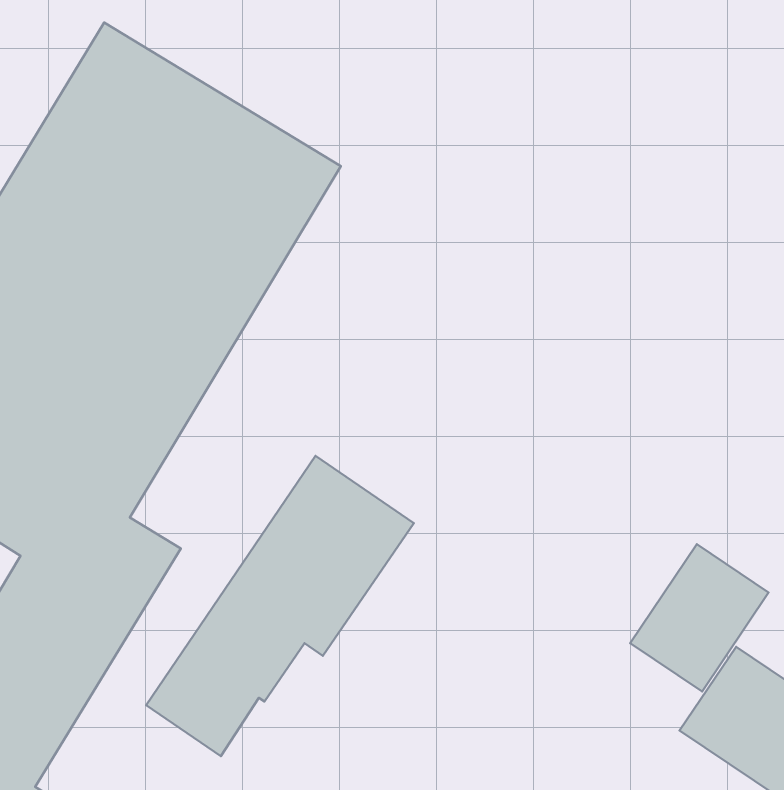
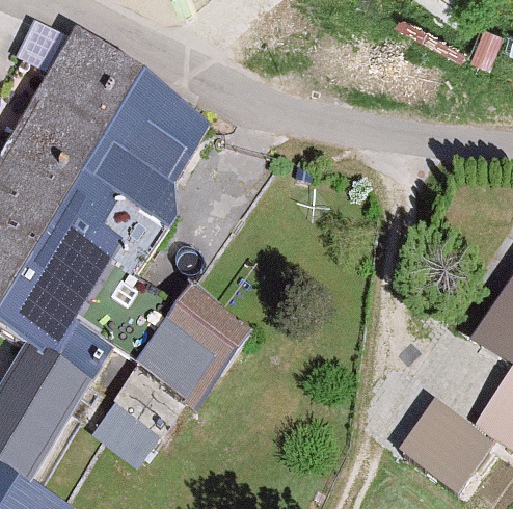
building: [630,544,769,691] -> none

